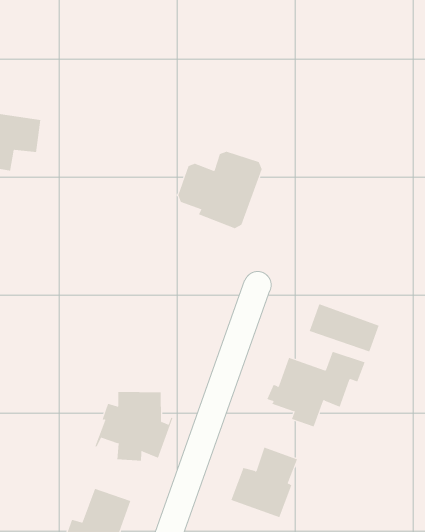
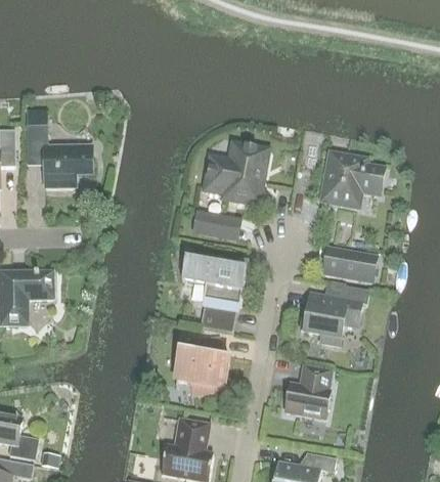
building: none -> [322,154,384,205]
building: none -> [194,214,238,237]
building: none -> [181,253,246,333]

